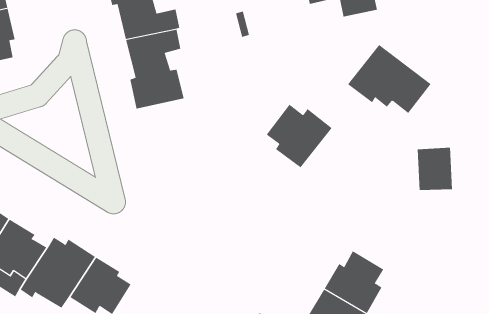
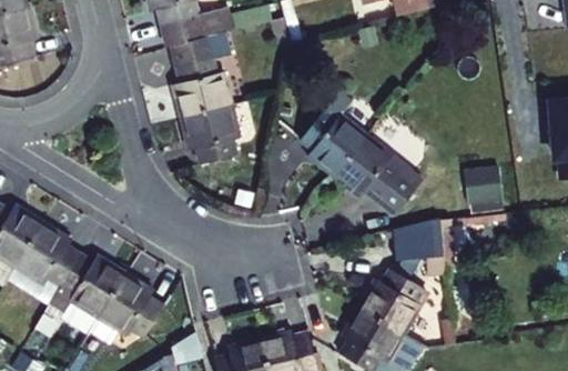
building: [347,44,432,114] -> [343,139,432,212]
building: none -> [170,108,229,164]
building: none -> [393,224,449,283]

